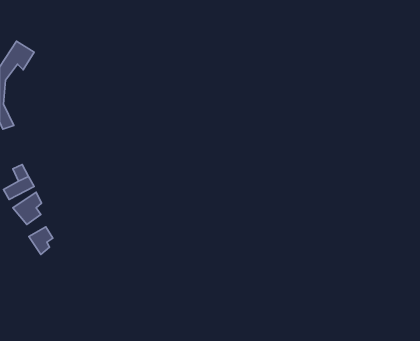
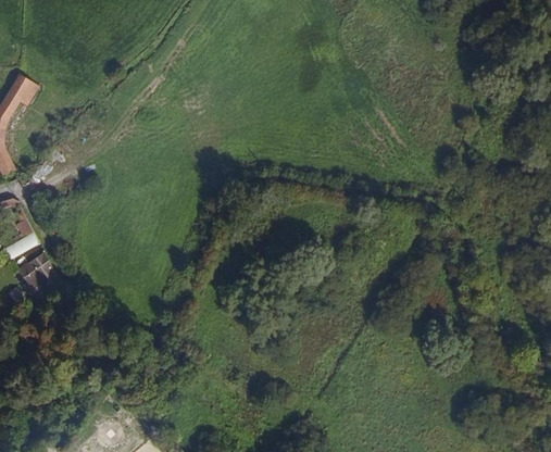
building: [29,227,53,255] -> none

